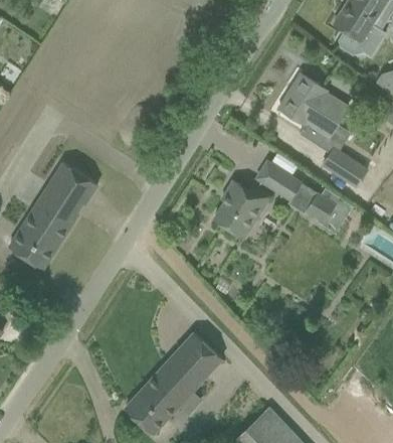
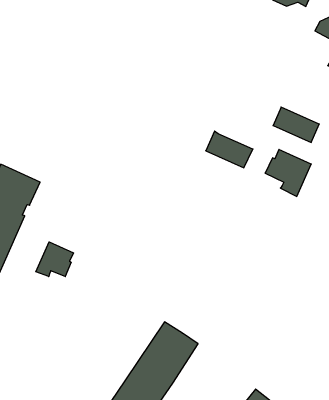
building: [279,77,347,140] -> none
building: [214,181,271,239] -> none
building: none -> [36,242,74,277]

